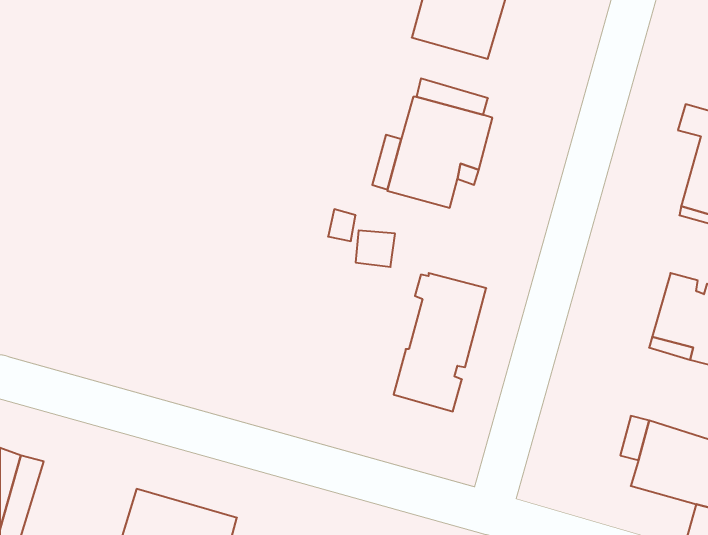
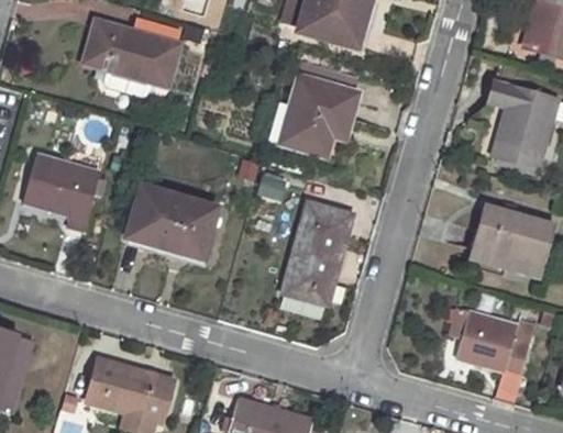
building: none -> [82,23,178,86]
building: none -> [22,154,100,230]
building: none -> [128,187,214,257]

